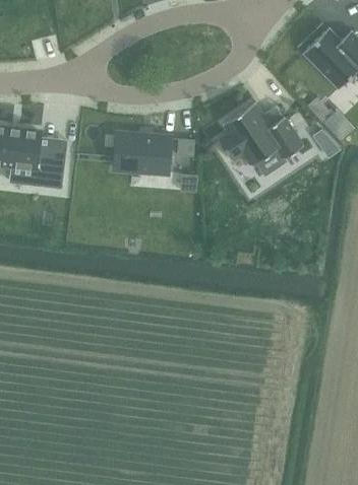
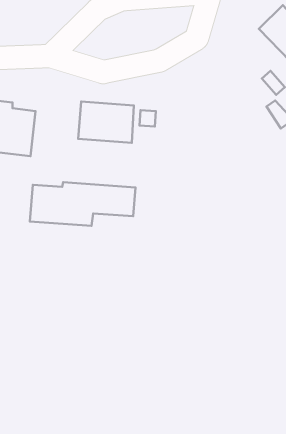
building: [218,101,303,165] -> none
building: none -> [30,182,136,226]

